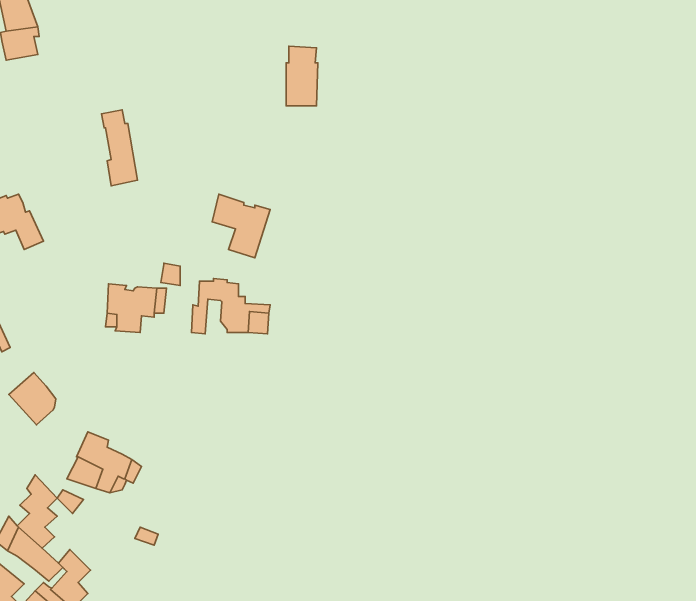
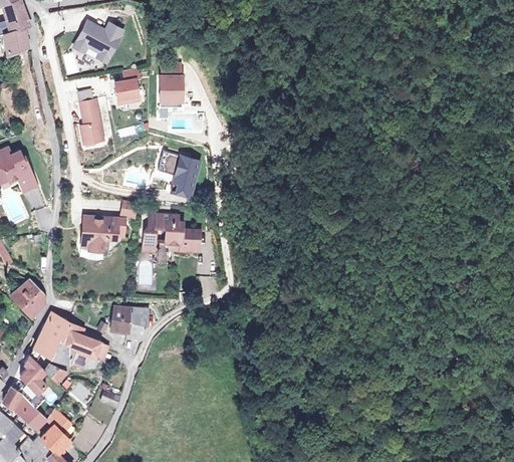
building: none -> [74,21,124,62]
building: [286,46,318,106] -> [160,63,183,106]
building: none -> [115,67,140,103]
building: none -> [111,305,149,338]
building: none -> [32,312,67,358]

